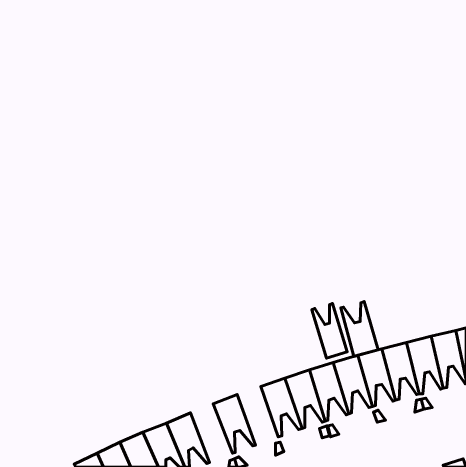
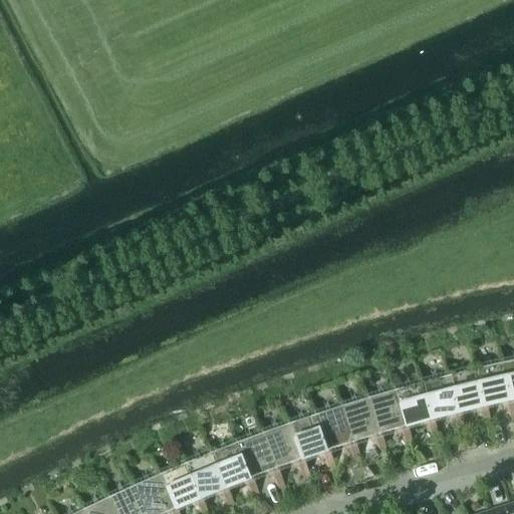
building: [341,302,378,356] -> none
building: [312,303,347,358] -> none
building: none -> [260,424,305,488]
building: none -> [209,443,255,507]

